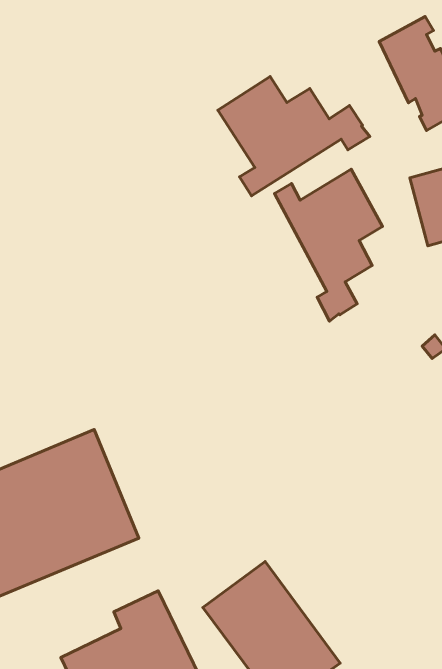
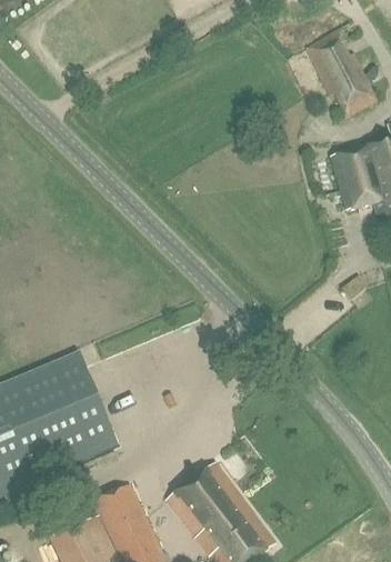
building: [218,76,370,196] -> none
building: [275,169,383,321] -> none

